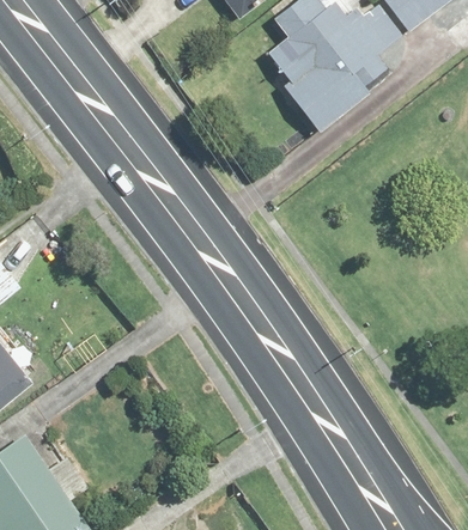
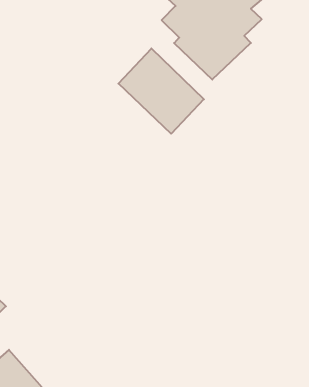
building: none -> [118,48,204,134]

